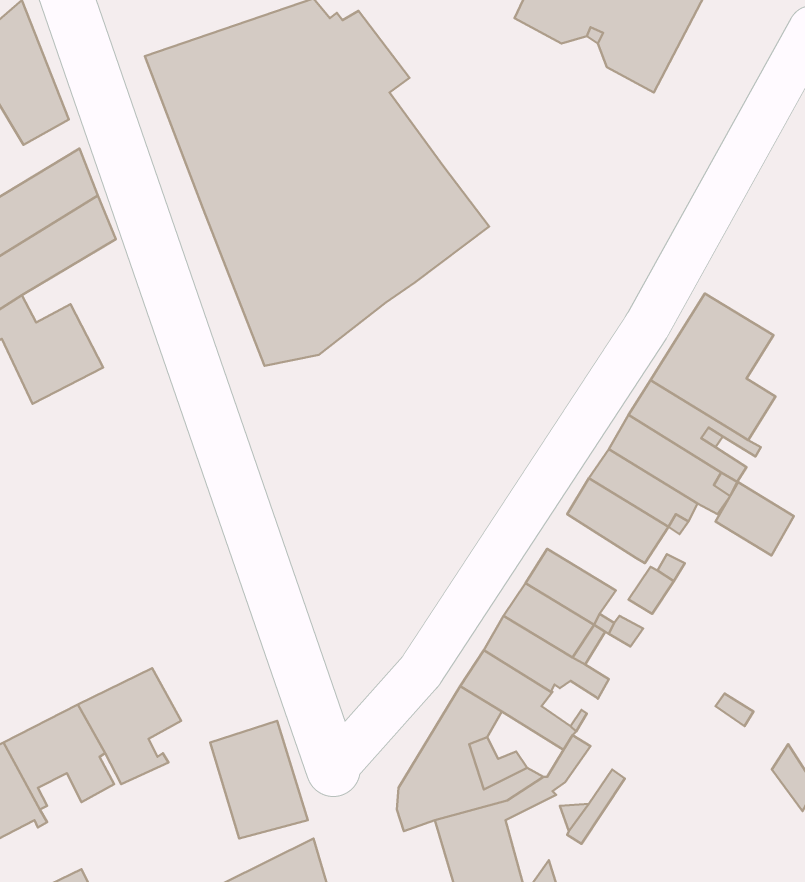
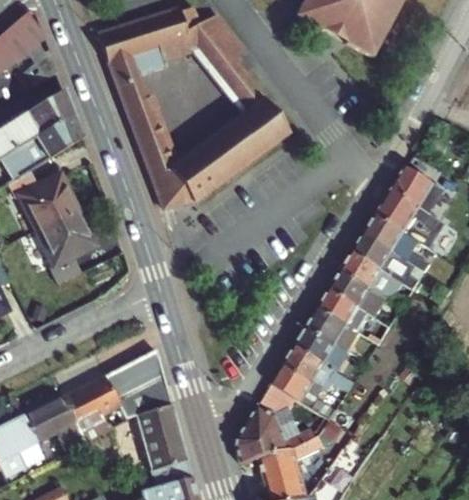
building: none -> [35,210,91,279]
building: [716,482,794,556] -> none
building: none -> [319,291,368,333]
building: none -> [101,350,170,419]

